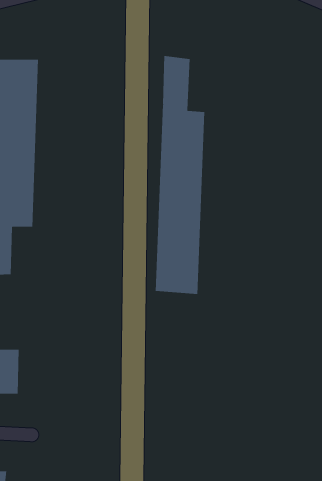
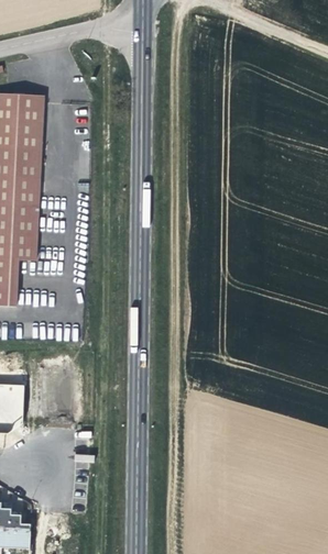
building: [155,55,205,295] -> none

